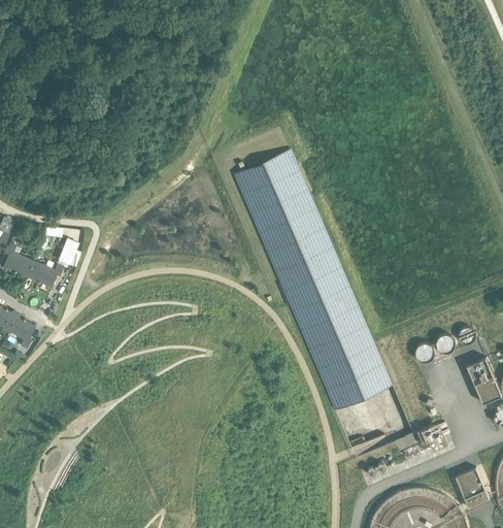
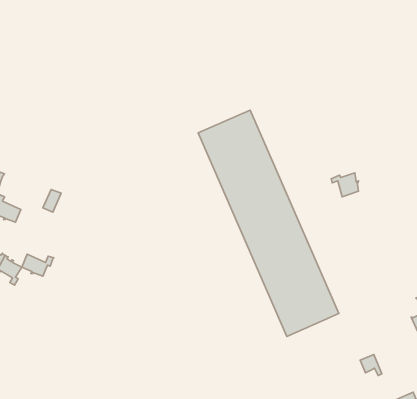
building: none -> [331,173,359,197]
building: [27,262,63,287] -> [22,254,54,276]

